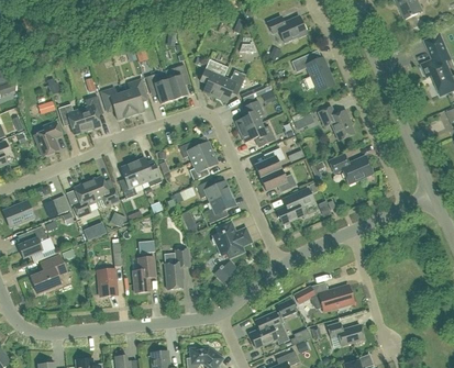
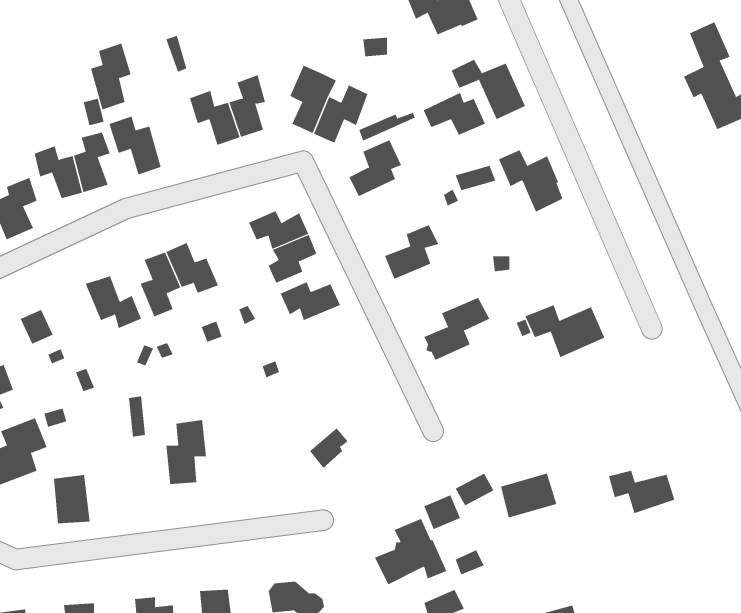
building: [123,78,146,115] -> [90,43,132,110]
building: [240,122,275,146] -> [423,92,486,136]
building: [328,154,373,183] -> [525,304,605,358]
building: [259,169,296,191] -> none
building: [73,180,96,216] -> none
building: [204,192,235,223] -> none
building: [211,221,252,258] -> none
building: [164,248,189,289] -> none
building: [97,268,118,295] -> [53,475,91,524]
building: [326,322,364,346] -> [608,470,675,514]

